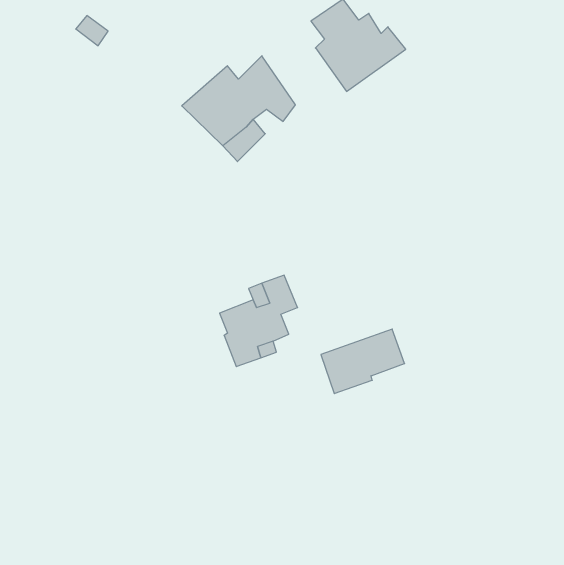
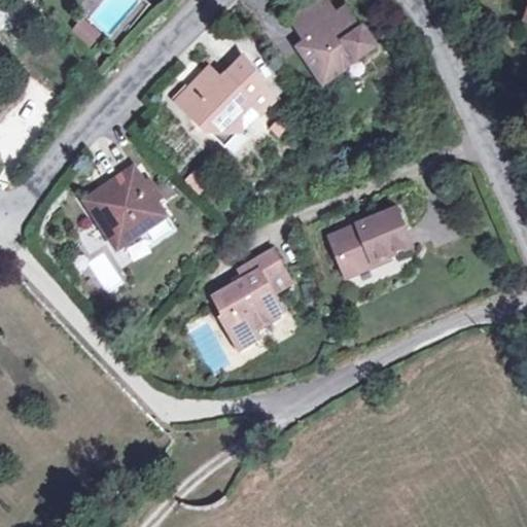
building: none -> [83,173,164,250]
building: [321,329,405,394] -> [333,209,411,269]

